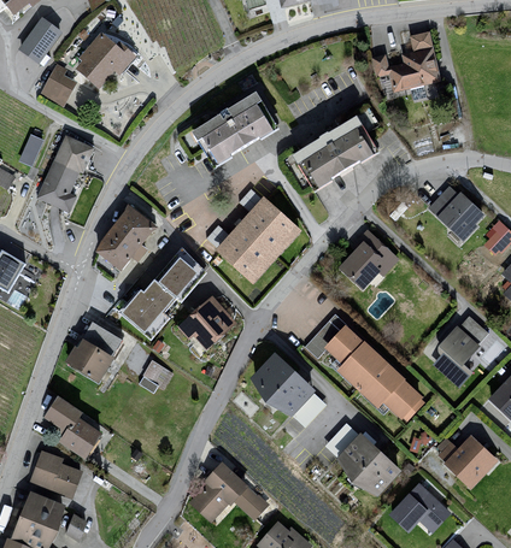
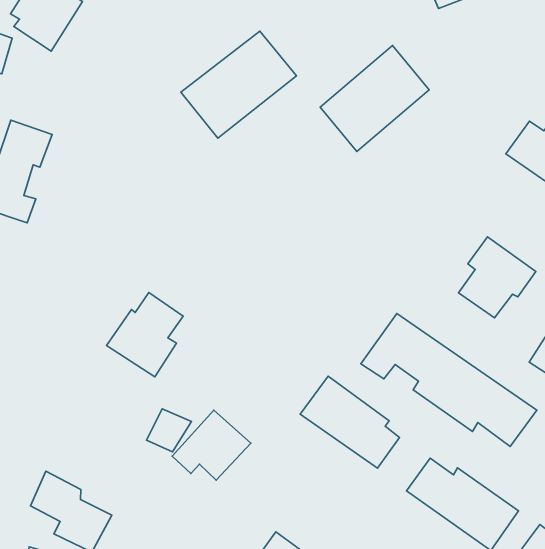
building: [216,196,303,284] -> none
building: [94,206,158,272] -> none
building: [339,226,398,287] -> [459,237,536,318]
building: [152,244,204,299] -> none
building: [176,296,235,348] -> [172,410,251,480]
building: [63,324,121,383] -> none

